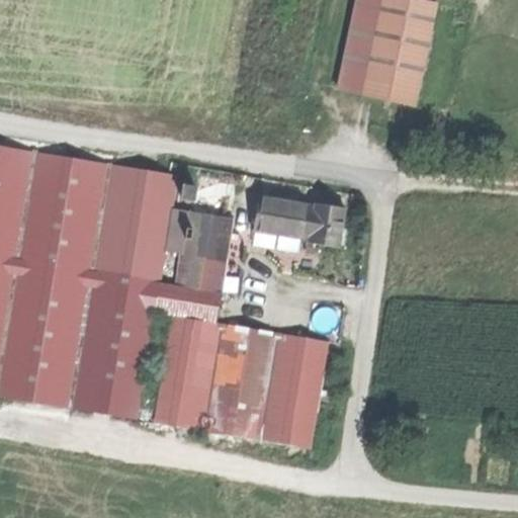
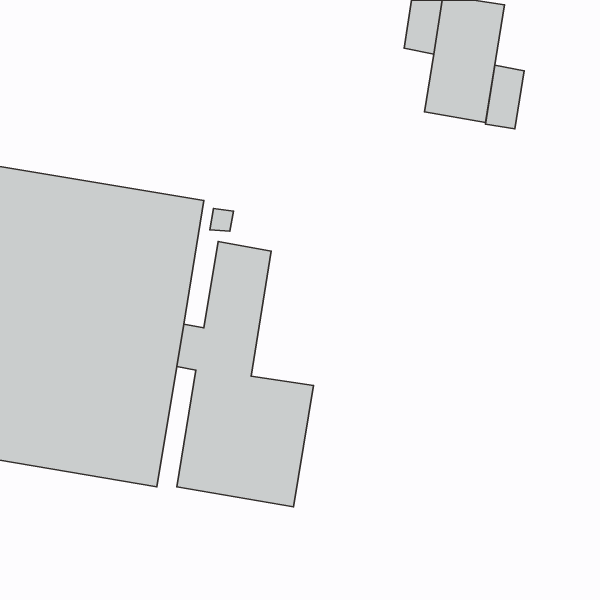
building: [339,44,372,98] -> [485,65,524,129]
building: [254,195,345,247] -> none
building: [252,333,327,446] -> none

